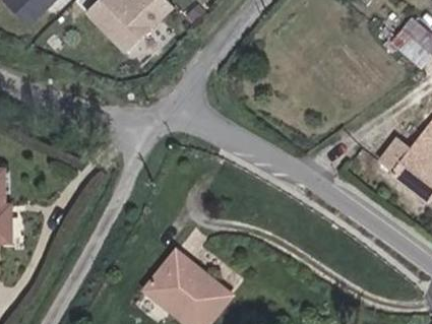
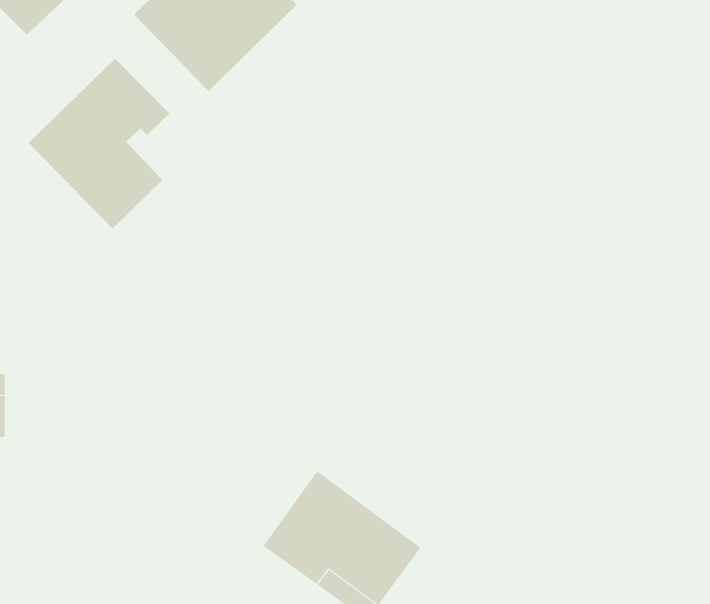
building: none -> [28,58,170,230]

